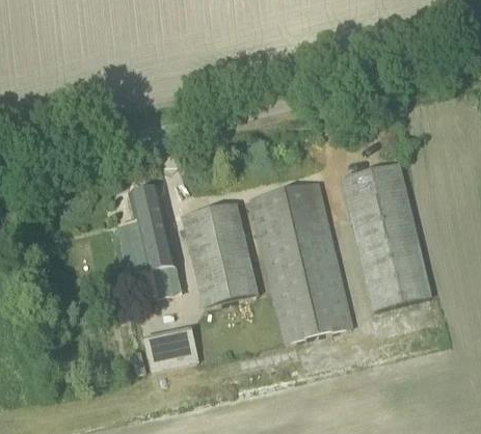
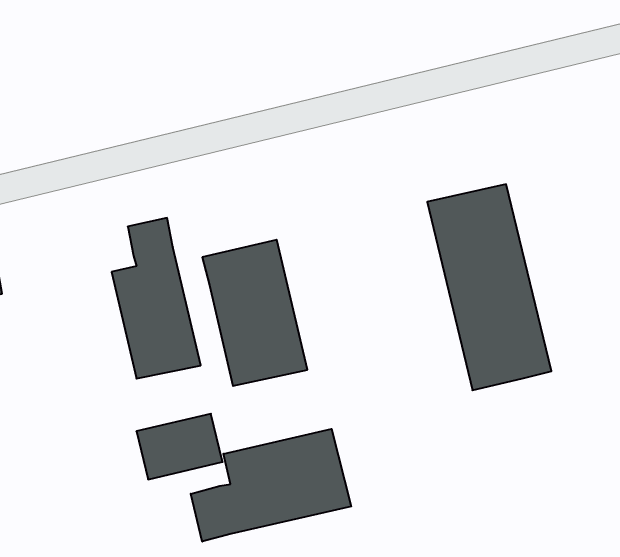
building: [251,182,351,342] -> none
building: none -> [191,429,351,542]

